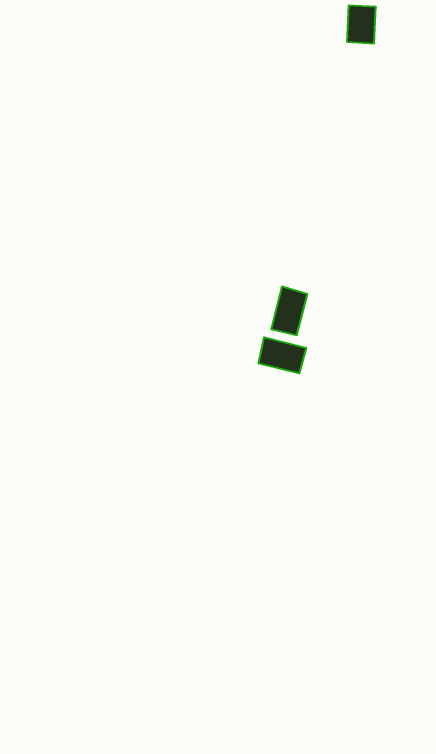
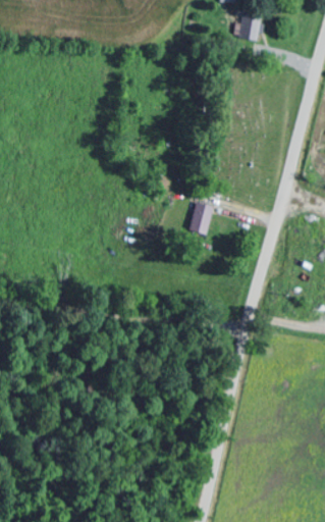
building: [259,337,306,373] -> none

